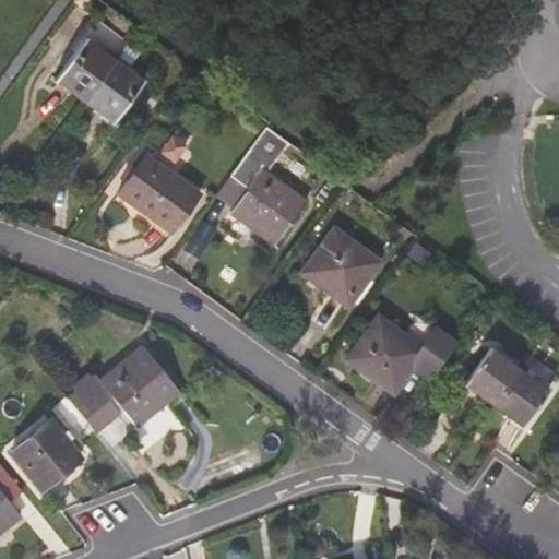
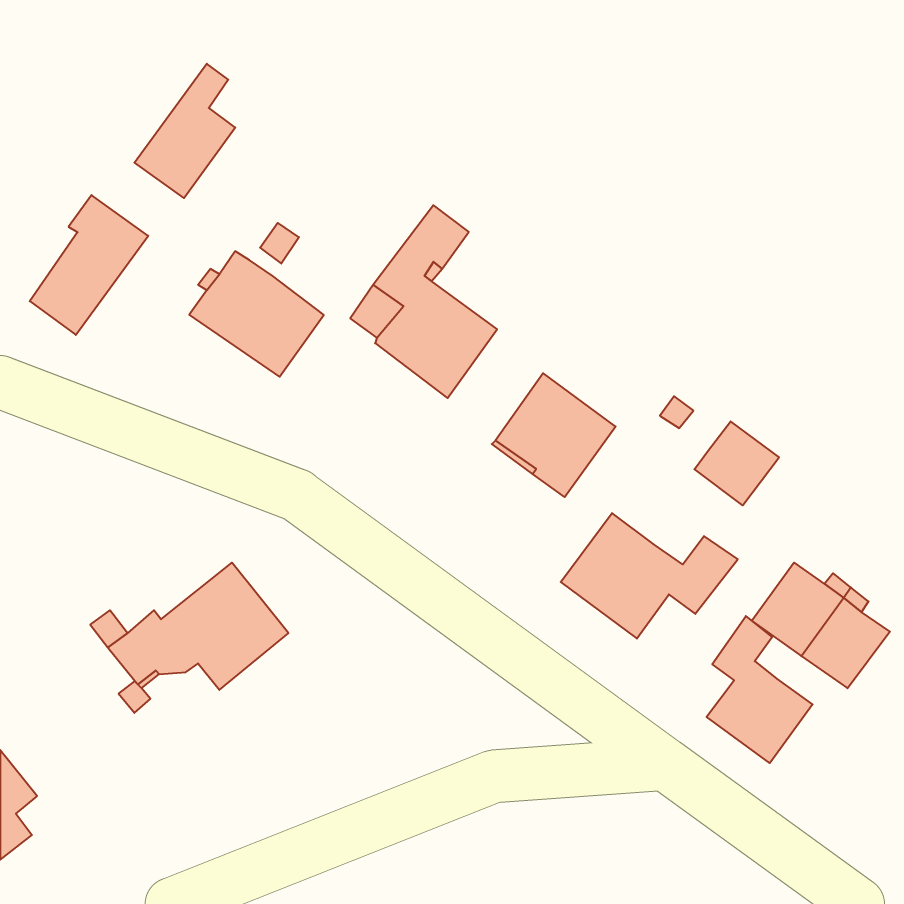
building: [55,14,128,100] -> [30,195,148,335]
building: none -> [694,421,779,505]
building: none -> [707,616,813,763]
building: [11,421,81,490] -> none

